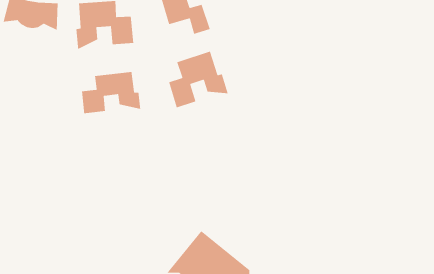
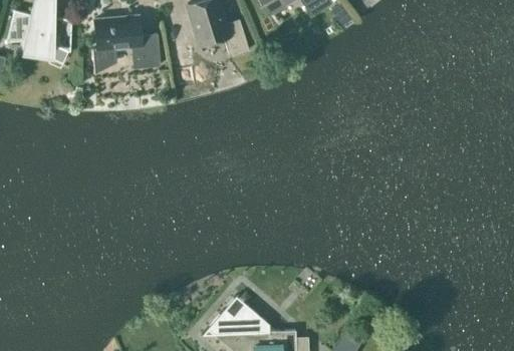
building: [168,51,229,109] -> none
building: [81,71,141,114] -> none

